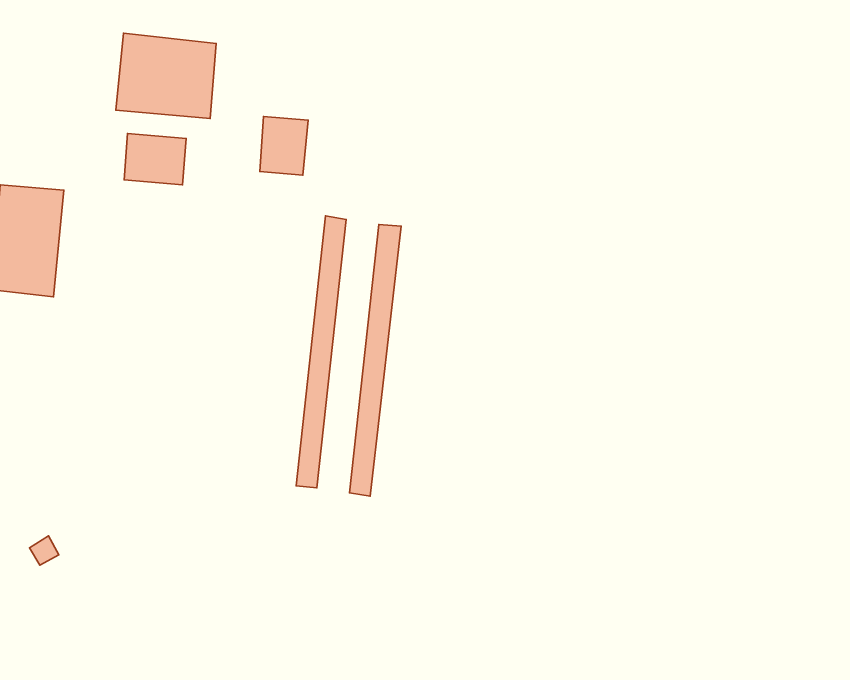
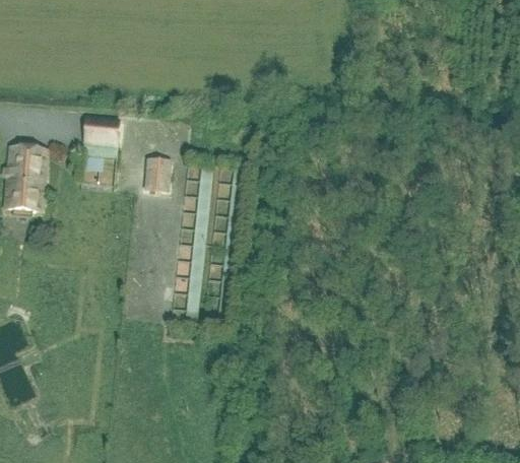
building: [116,33,216,118] -> none
building: [260,117,308,175] -> [142,156,171,191]

